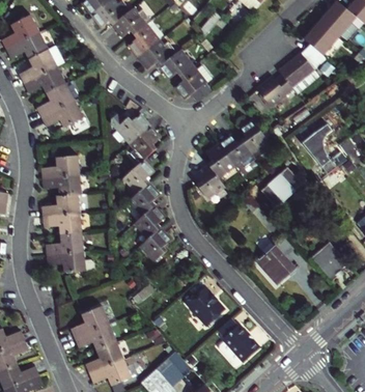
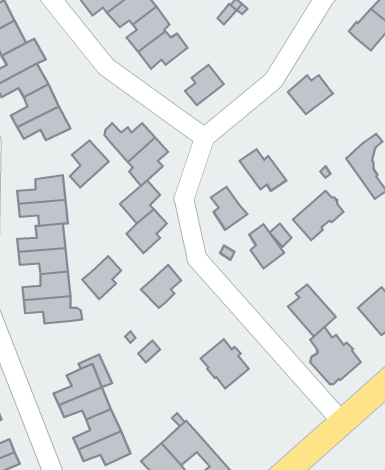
building: [159,50,193,79] -> none
building: [278,52,313,87] -> none
building: [240,118,269,159] -> none
building: none -> [70,141,109,188]
building: [206,143,234,178] -> [249,224,284,268]
building: [134,204,165,239] -> [82,256,121,299]
building: [219,317,259,363] -> [310,327,361,384]

